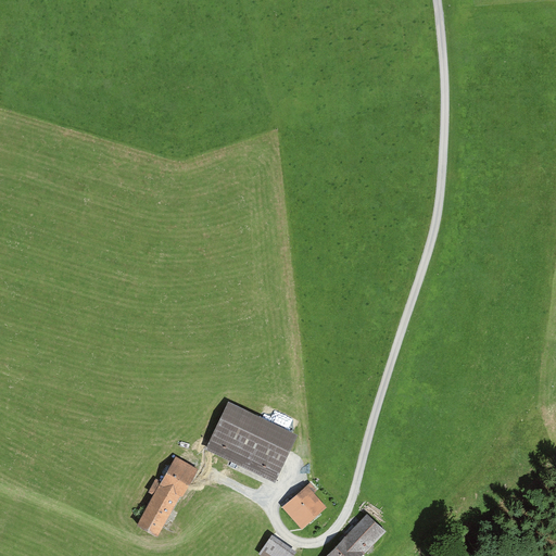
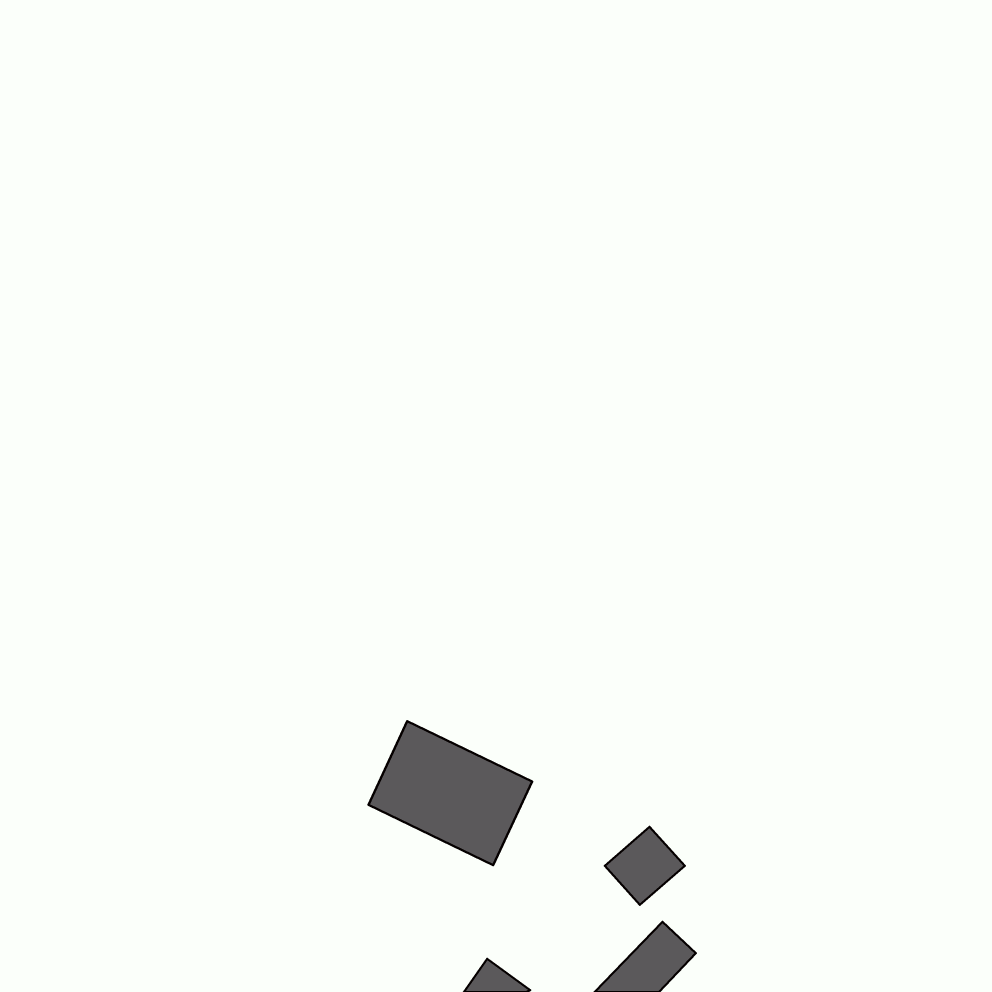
building: [136,455,197,534] -> none
building: [282,485,327,529] -> [605,827,685,905]

